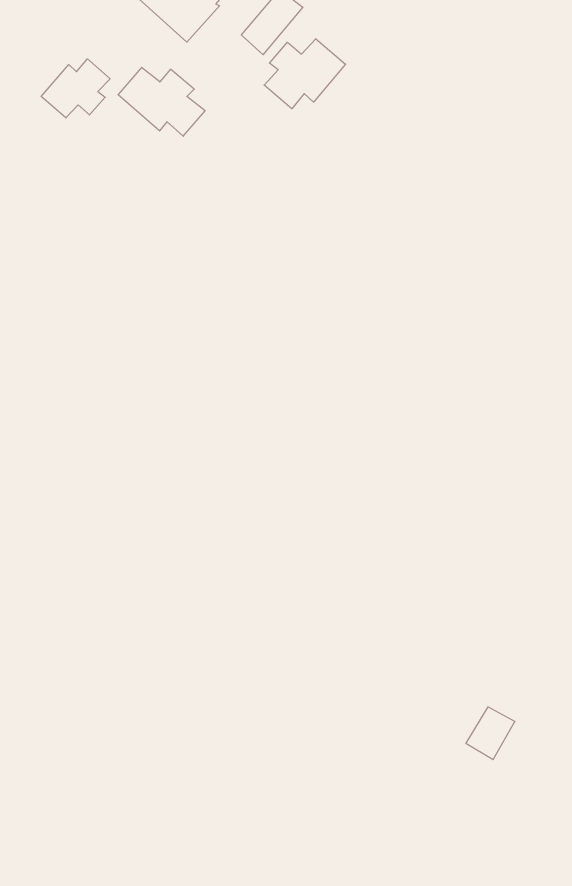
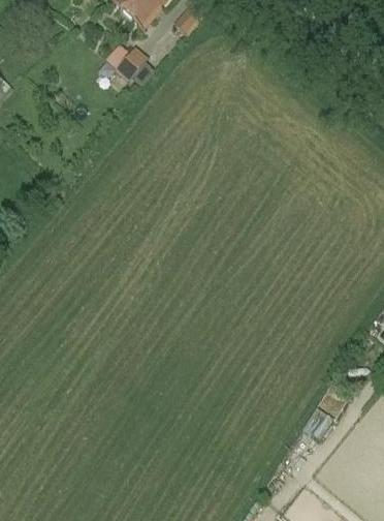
building: [264,39,346,109] -> none
building: [41,59,110,118] -> none

